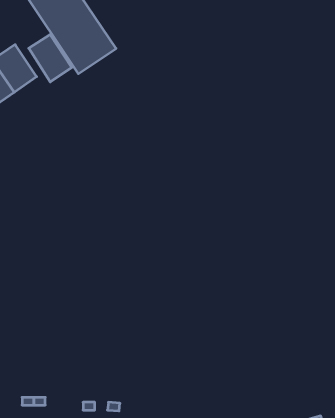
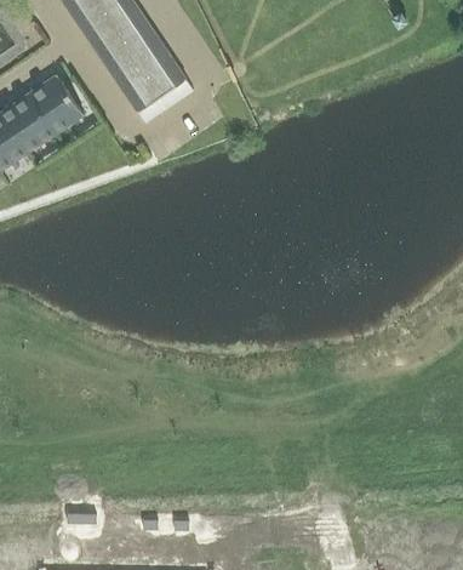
building: [29,35,72,82] -> none

